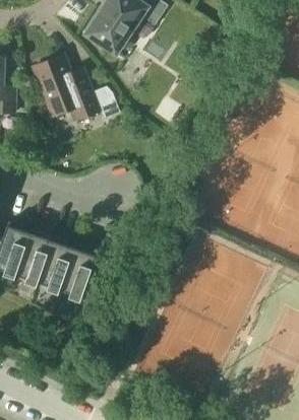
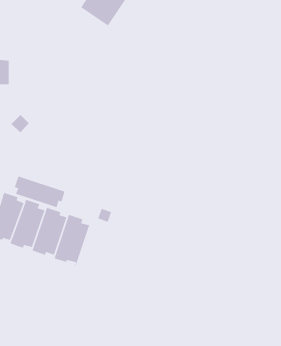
building: [33,56,121,123] -> none
building: none -> [14,175,66,208]

